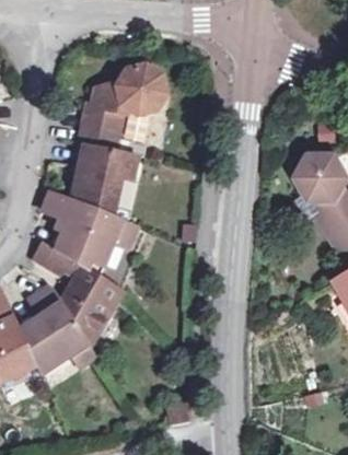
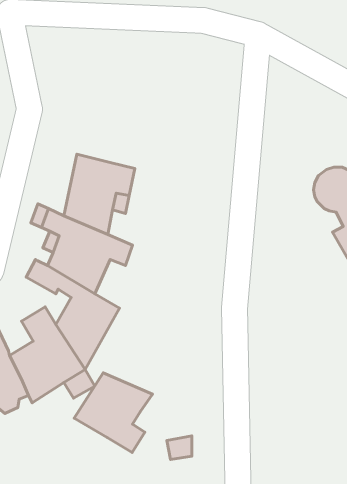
building: [77,58,176,152] -> none
building: none -> [74,373,152,452]

